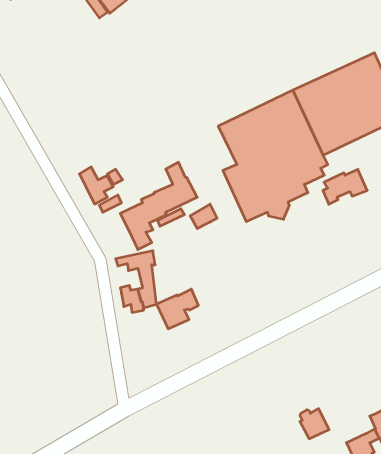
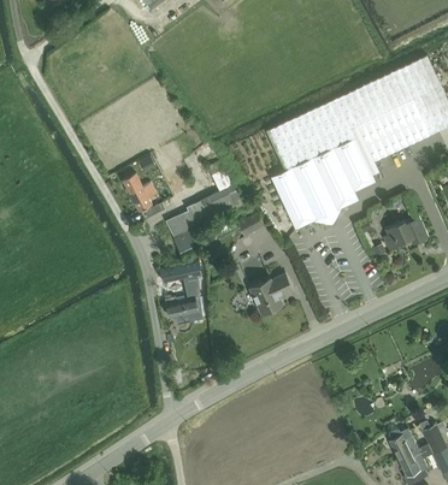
building: [323,169,367,204] -> [383,217,429,253]
building: [156,289,198,329] -> [249,273,293,314]
building: [300,409,329,439] -> [389,427,419,459]

